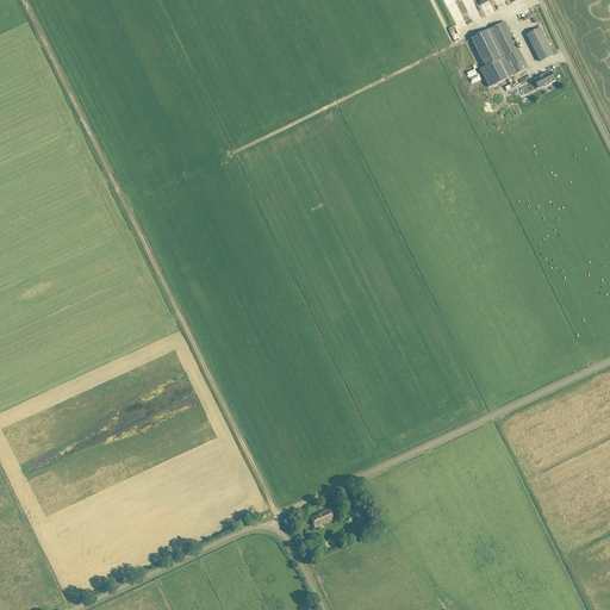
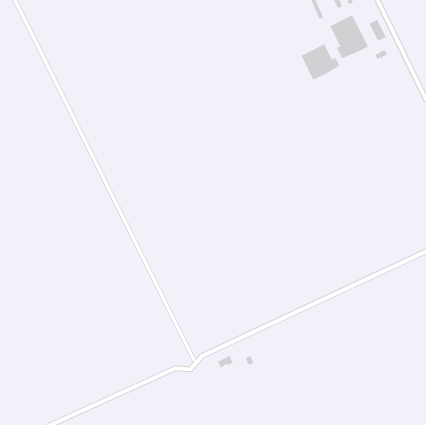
building: none -> [300,43,340,81]

